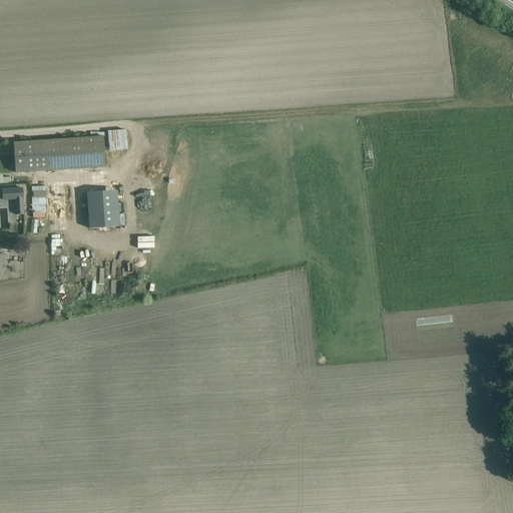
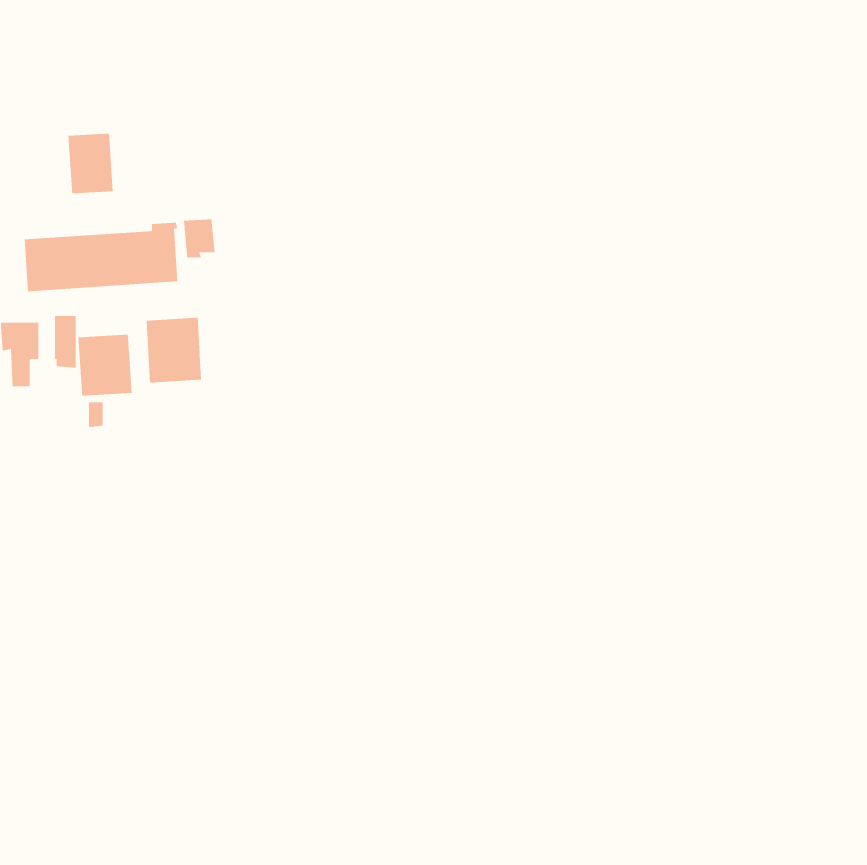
building: none -> [68,133,113,194]
building: none -> [78,334,132,396]

